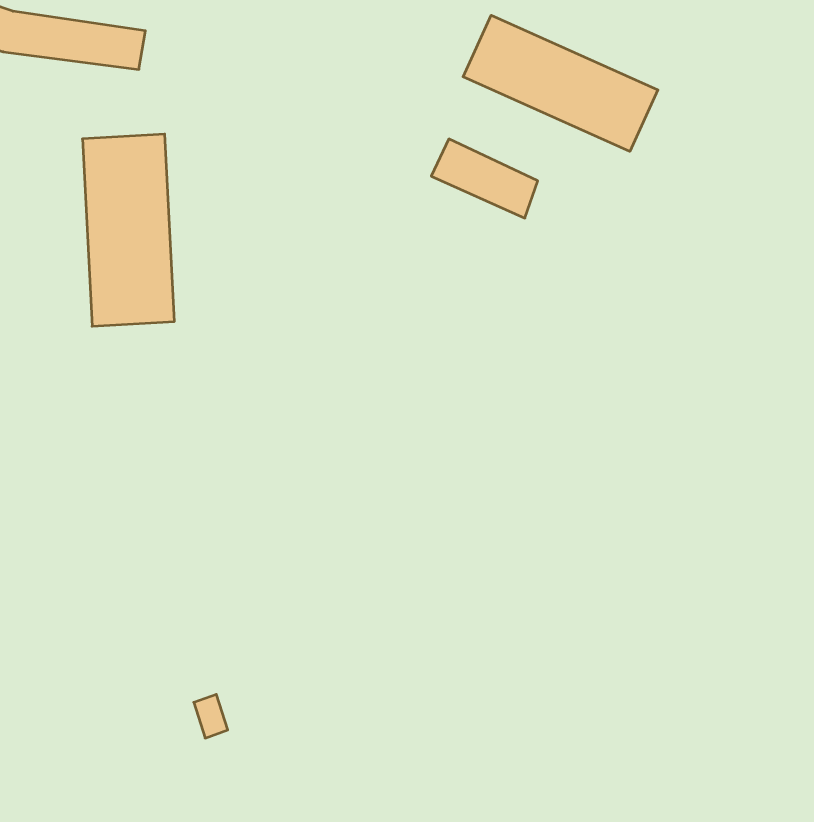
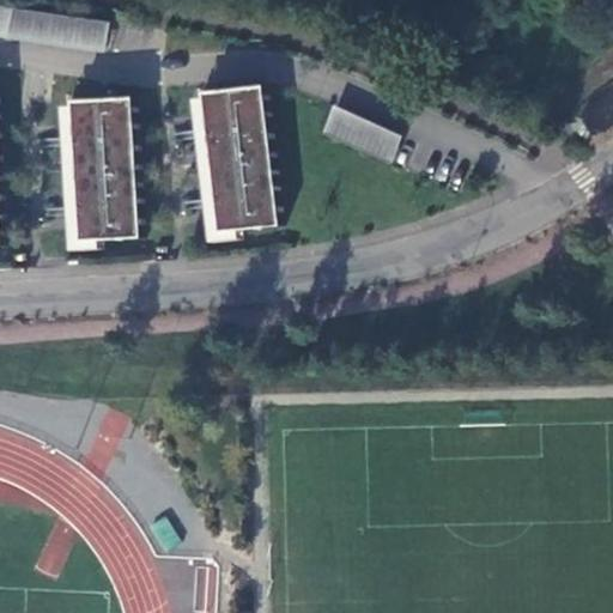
building: [463,15,658,151] -> none
building: none -> [202,81,280,229]

